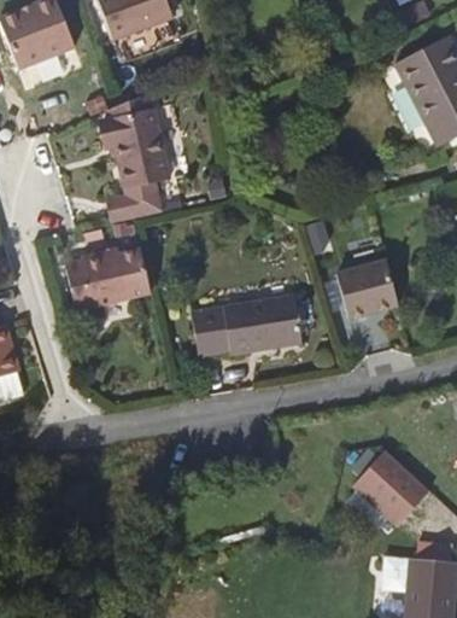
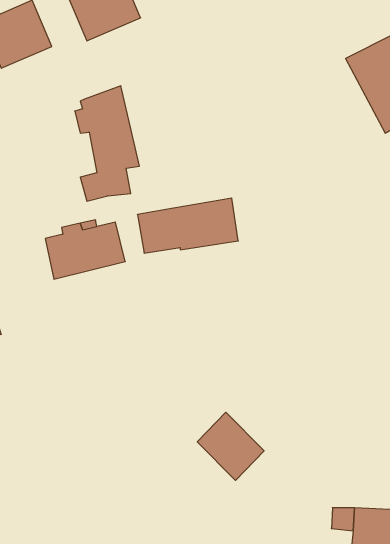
building: [341,255,403,313] -> none
building: [188,288,299,349] -> [137,198,238,253]
building: [355,449,428,524] -> [197,412,264,480]

